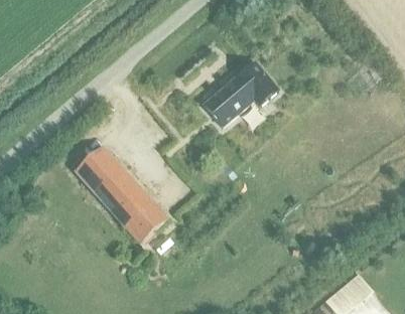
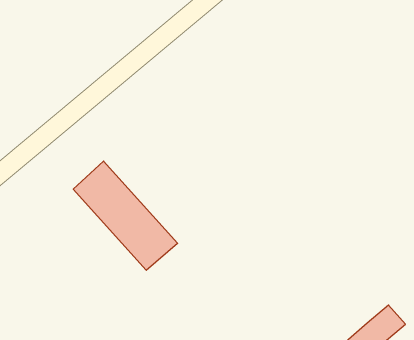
building: [204,61,278,126] -> none

